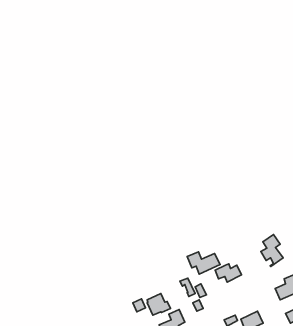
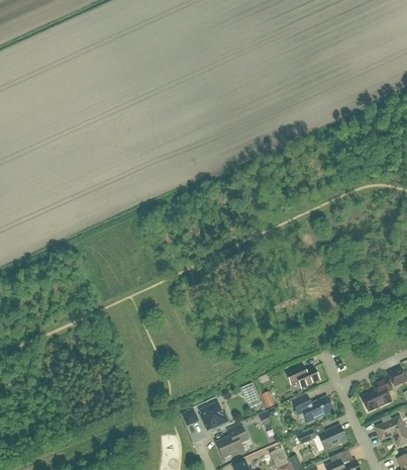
building: [261,234,283,266] -> none
building: [187,252,220,274] -> [293,394,334,422]

